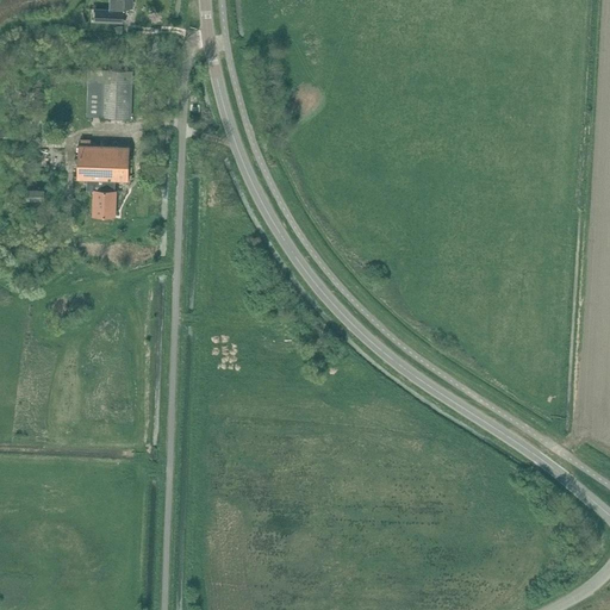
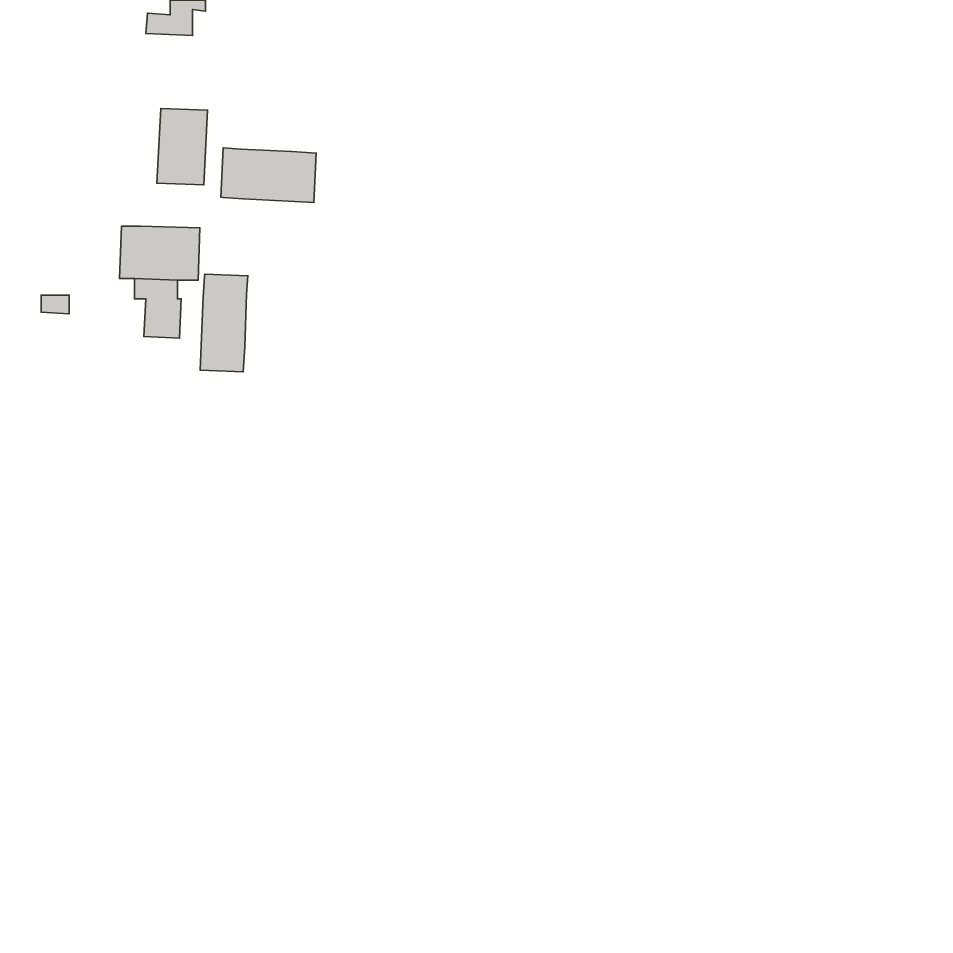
building: none -> [221,148,316,203]
building: none -> [200,274,248,372]

